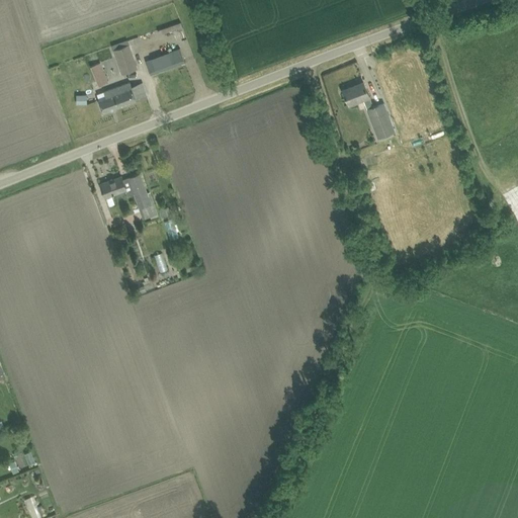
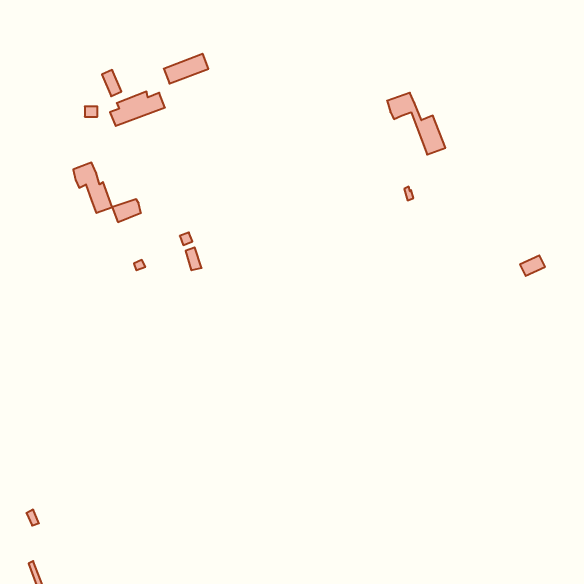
building: [112,45,137,75] -> none
building: [122,174,157,219] -> [73,163,112,213]

